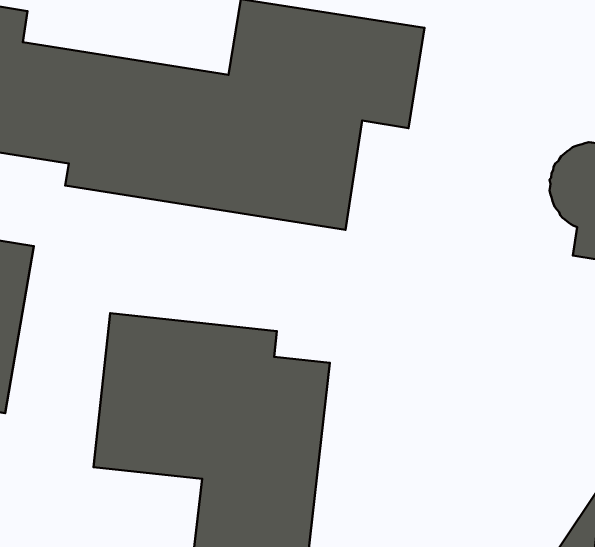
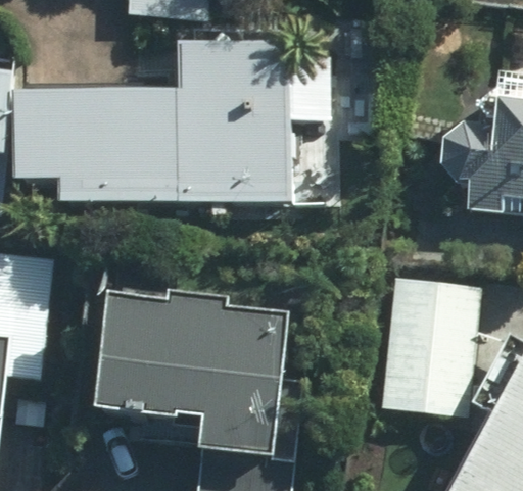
building: none -> [383,268,471,411]

